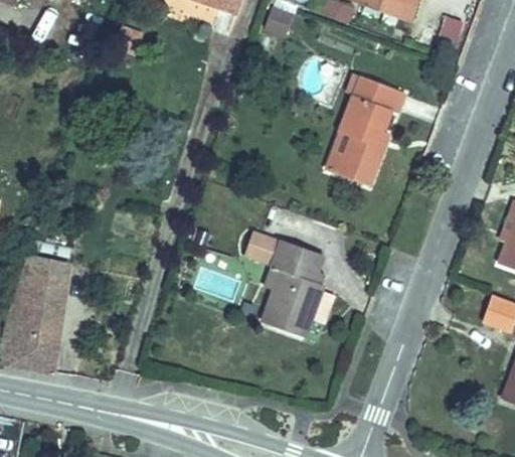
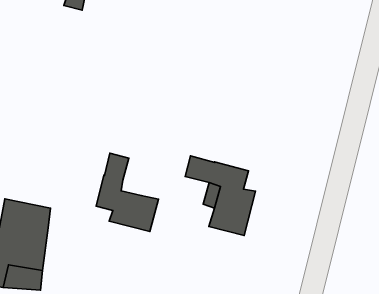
building: [335,73,401,182] -> none
building: none -> [96,153,159,232]

